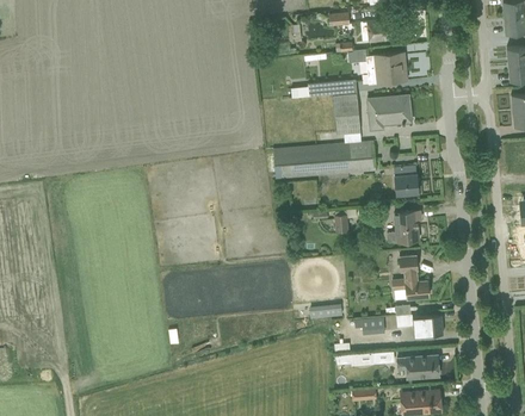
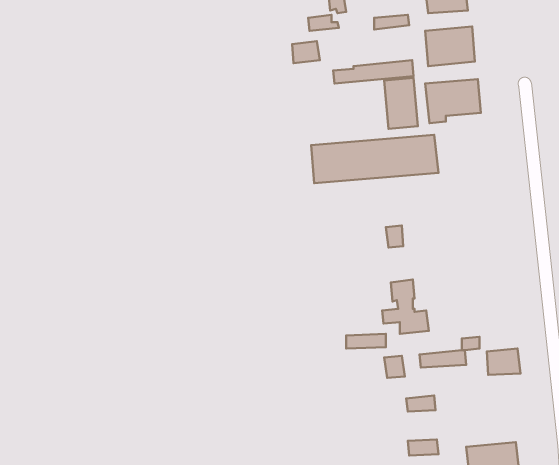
building: [394,166,419,195] -> none
building: [387,210,421,242] -> none
building: [391,254,430,298] -> [382,280,429,334]
building: [396,354,439,378] -> none

